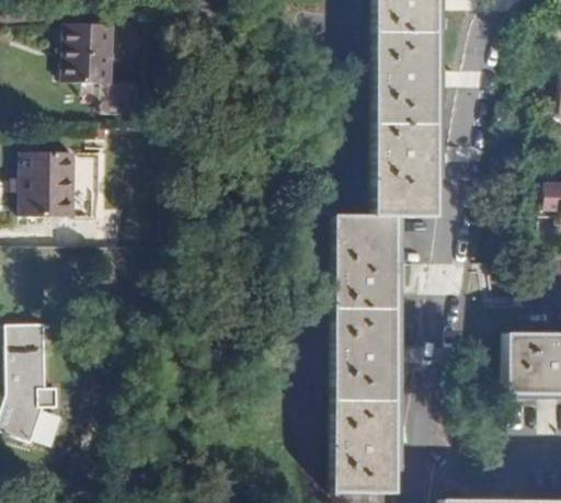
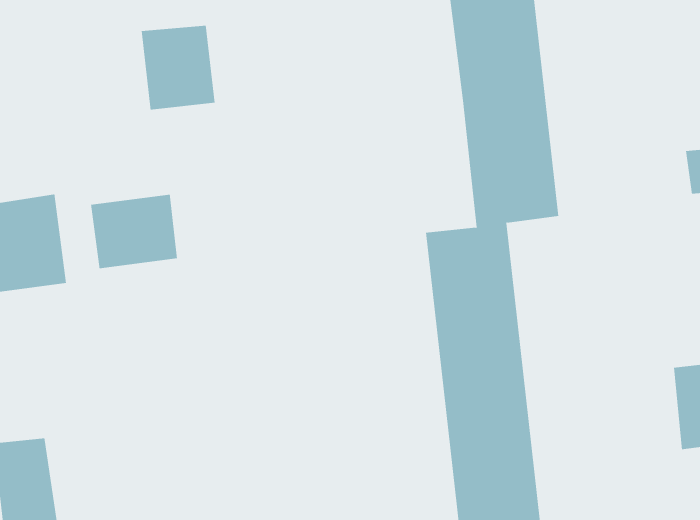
building: [62,24,112,83] -> [141,25,215,110]
building: none -> [91,194,178,269]

